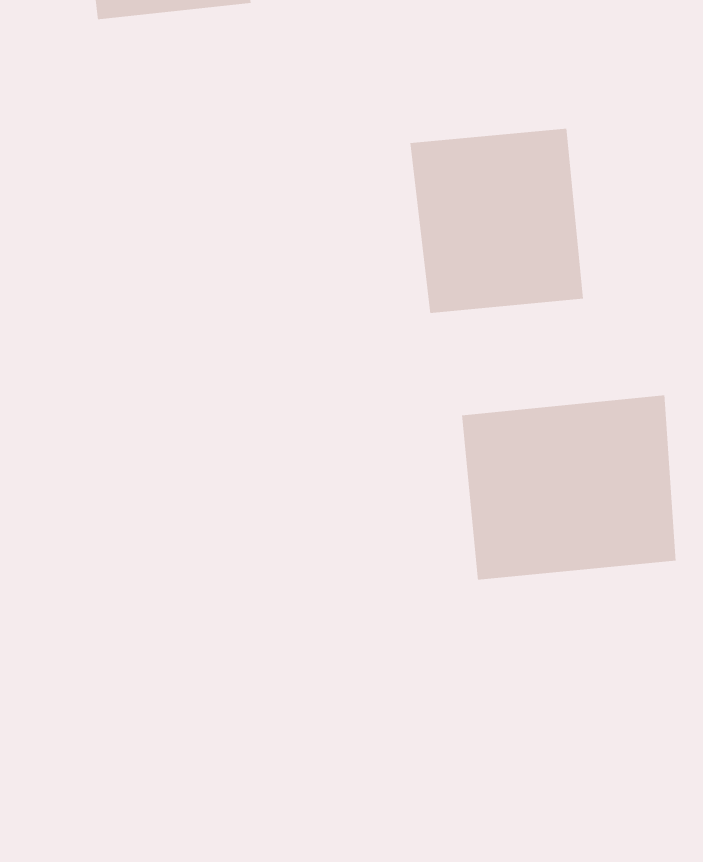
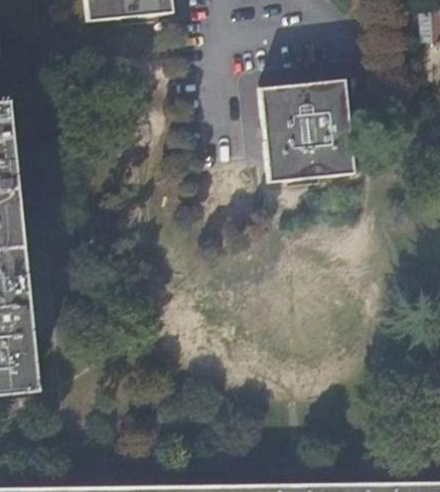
building: [462,394,676,581] -> none

